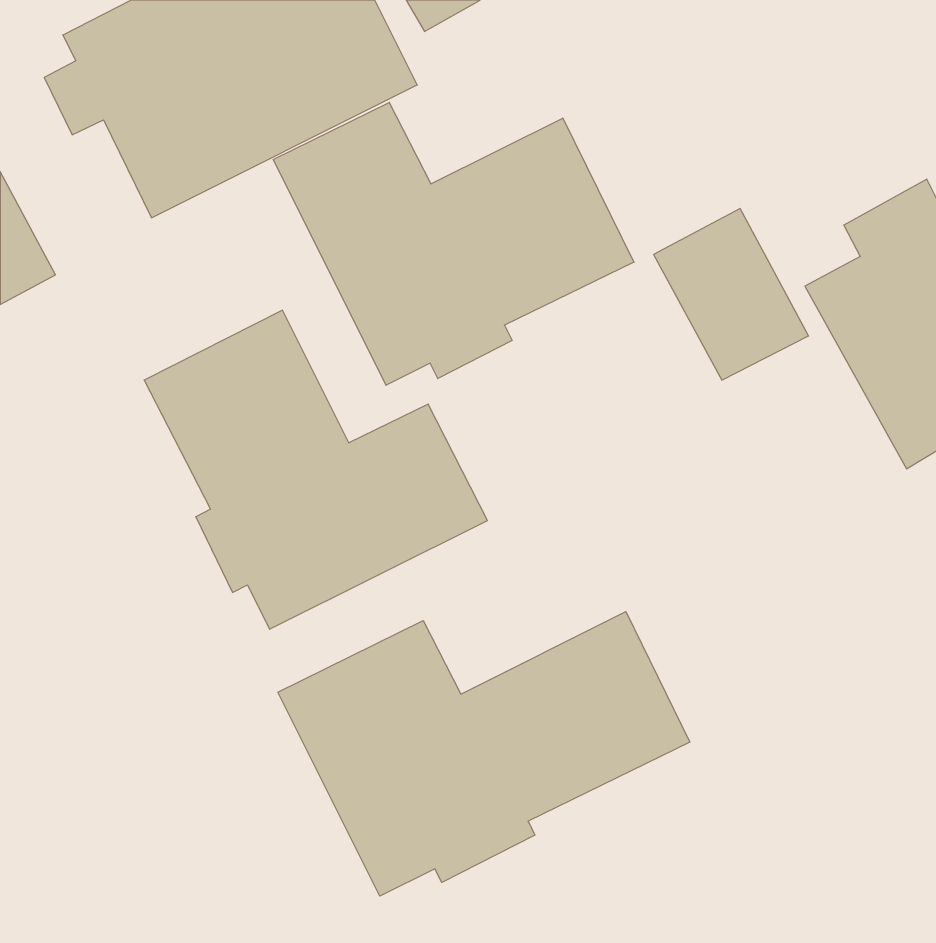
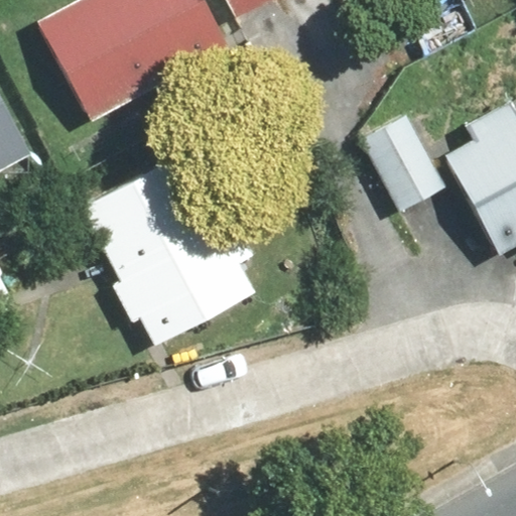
building: [273,102,634,385] -> none
building: [278,612,690,896] -> none

